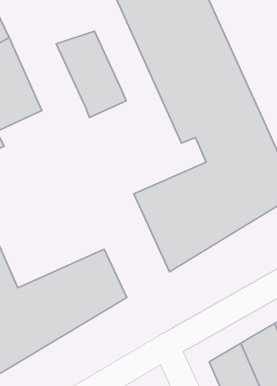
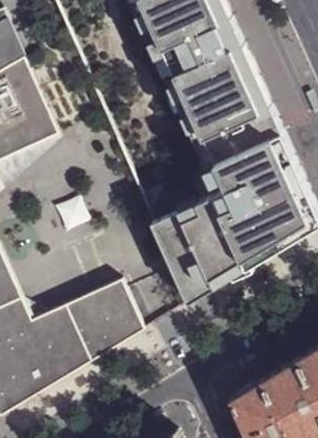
building: [56,31,126,117] -> none

